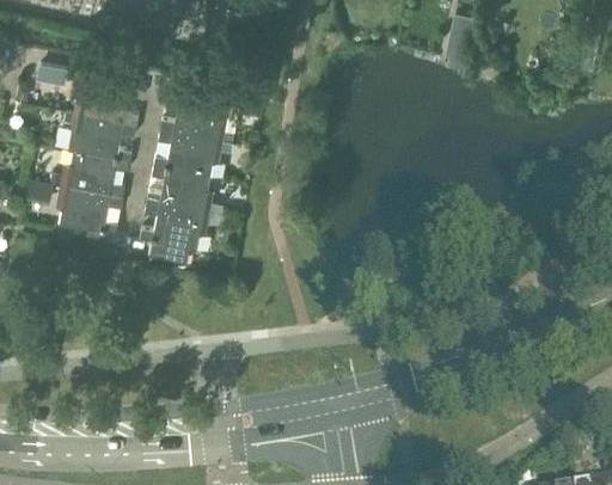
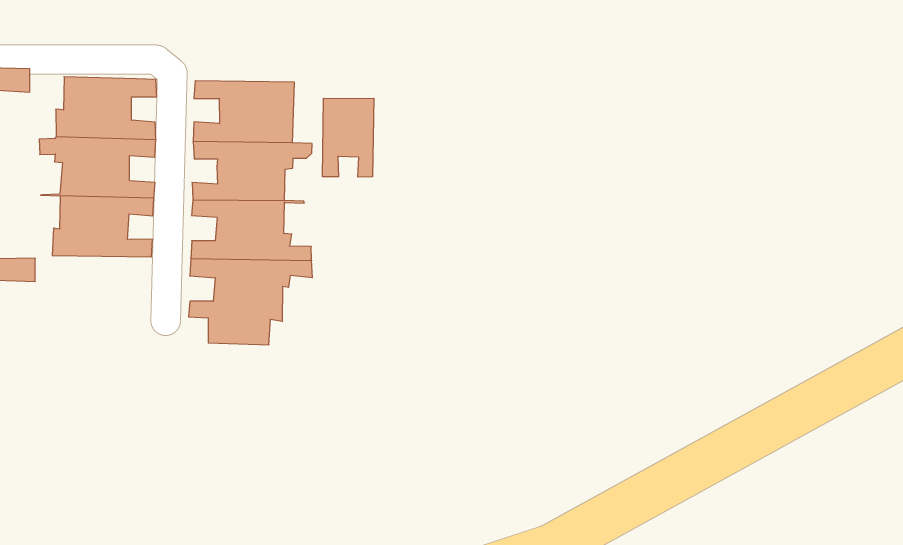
building: none -> [322,98,374,177]
building: [59,188,122,239] -> none

